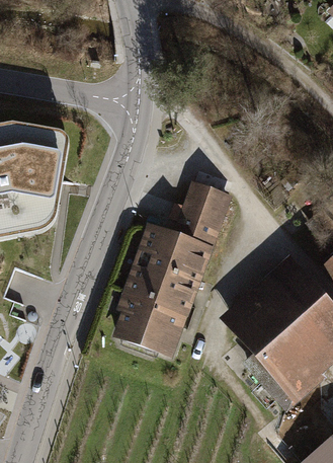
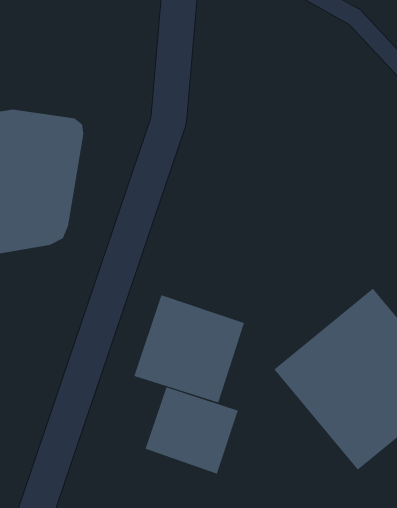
building: [129,187,227,294] -> none
building: none -> [145,386,239,474]

